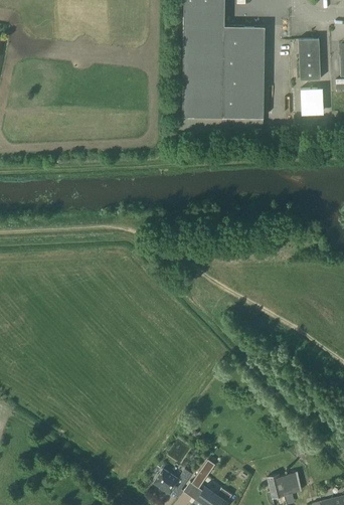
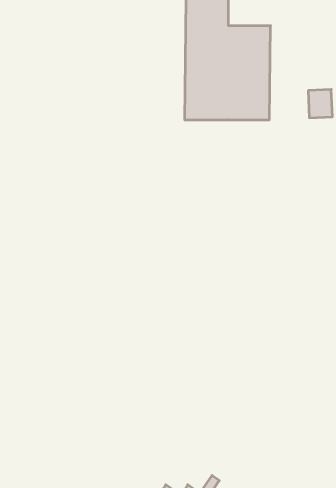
building: [299,38,321,79] -> none

